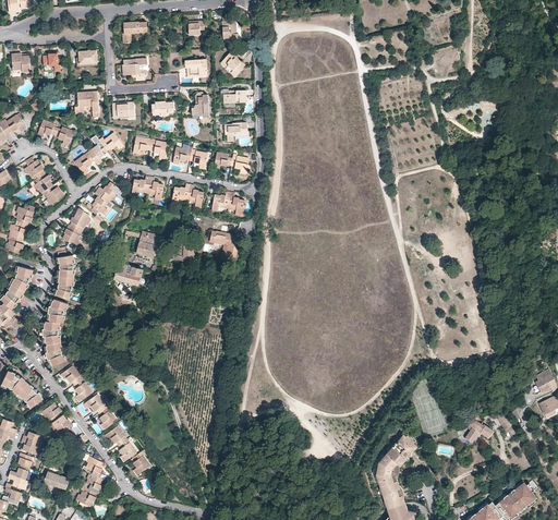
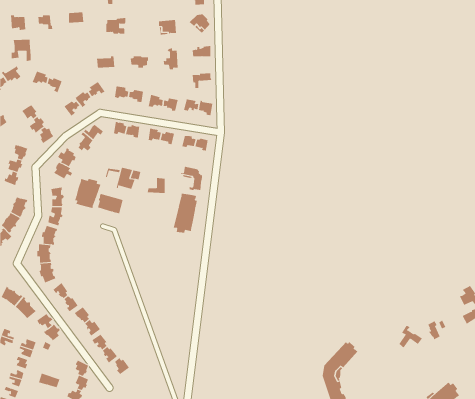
building: [75,93,99,119] -> [11,39,32,61]
building: none -> [74,178,101,209]
building: none -> [173,193,198,234]

